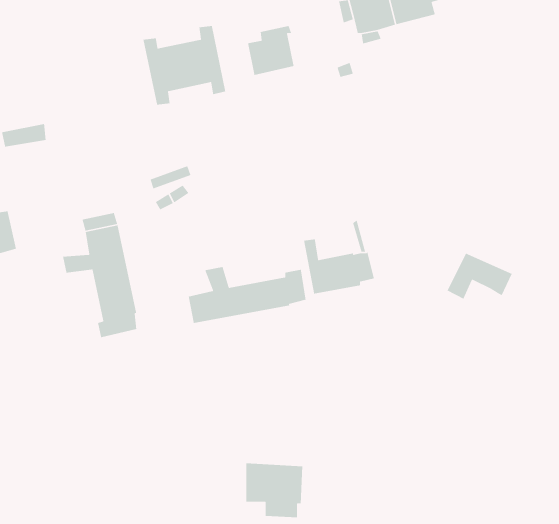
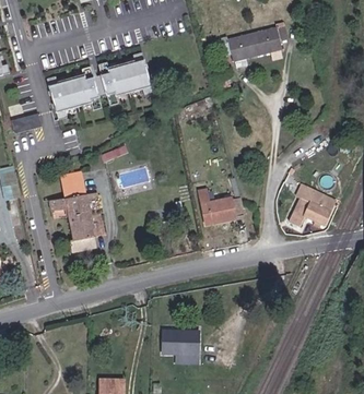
building: [247,25,295,76] -> none
building: none -> [47,65,101,116]
building: [188,266,306,324] -> none

